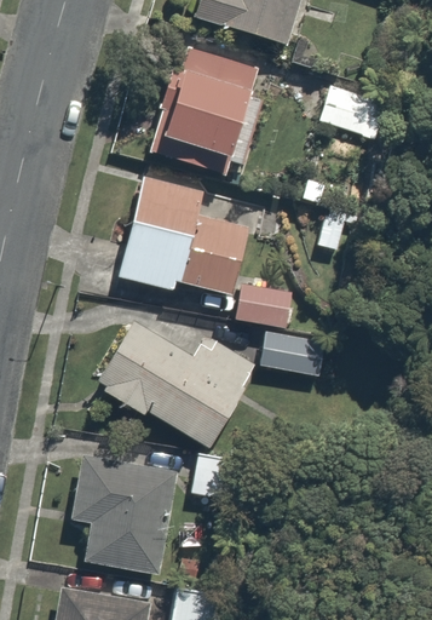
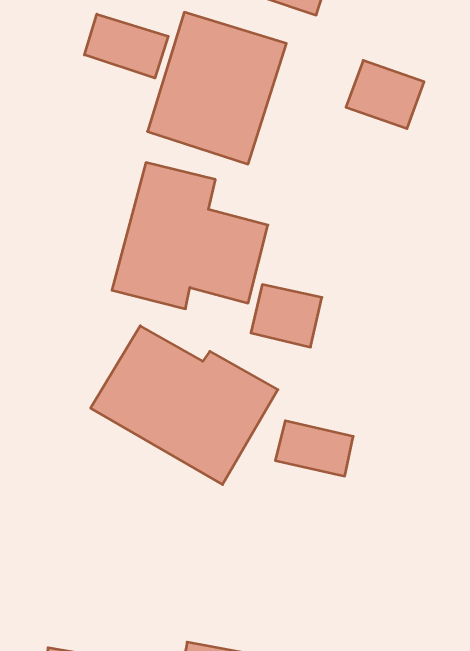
building: none -> [84,14,168,78]
building: [255,331,322,378] -> [275,421,353,476]
building: [68,453,180,584] -> none

